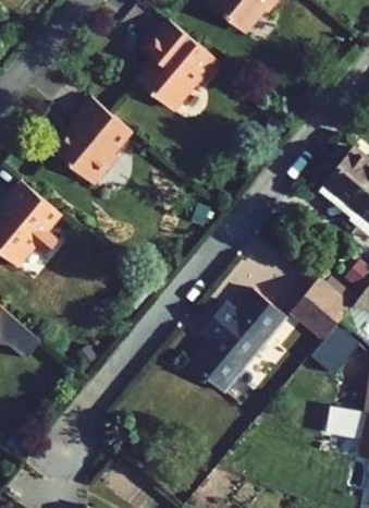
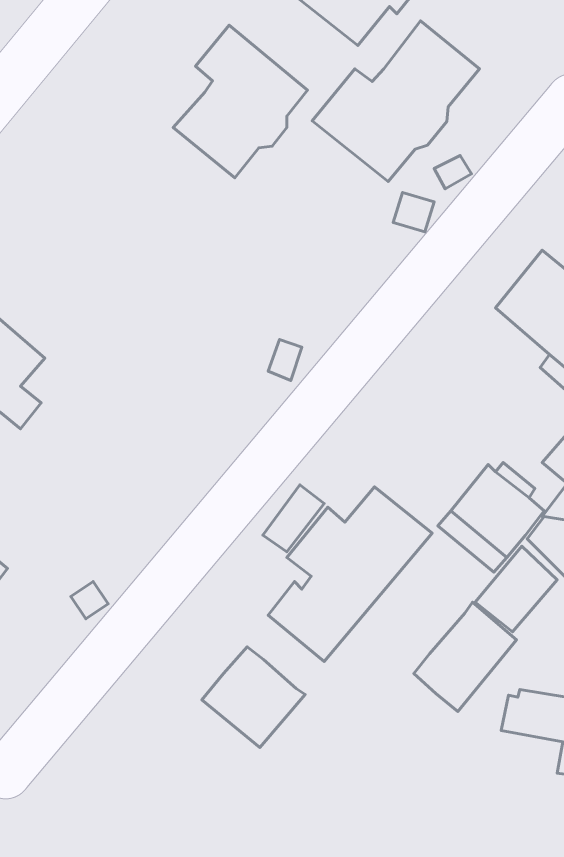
building: none -> [312,21,479,182]
building: [53,98,133,185] -> none
building: none -> [414,602,517,711]
building: none -> [202,647,305,747]

